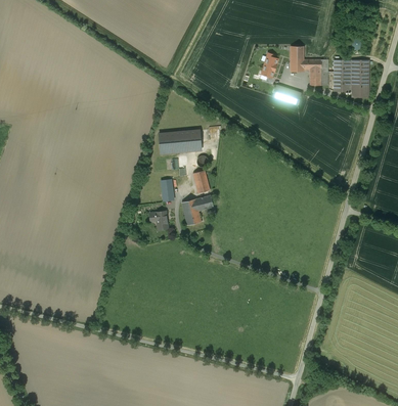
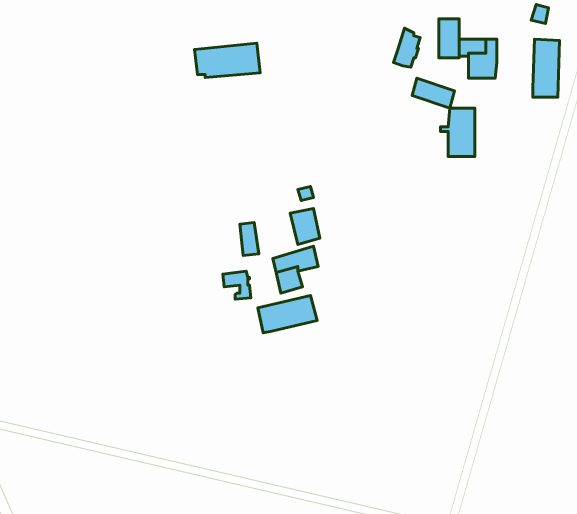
building: [328,59,351,91] -> [440,108,475,157]
building: [159,130,202,152] -> [194,43,260,78]
building: none -> [258,296,317,333]

